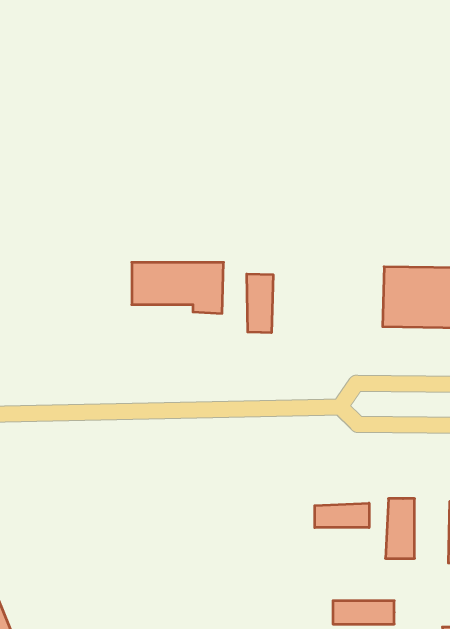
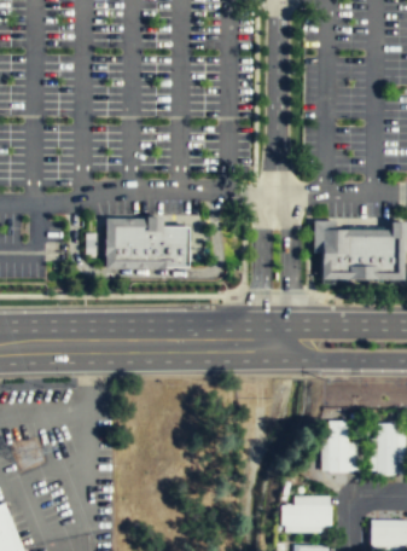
building: [247,274,273,333] -> none
building: [315,503,369,528] -> none

